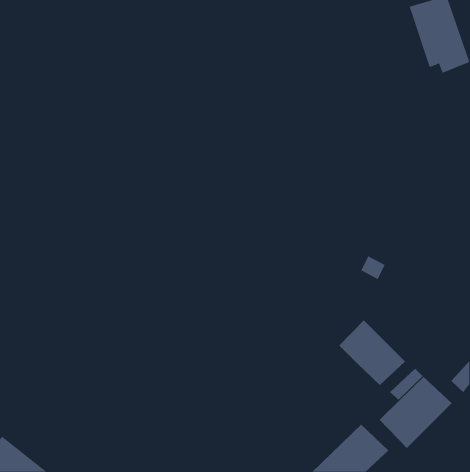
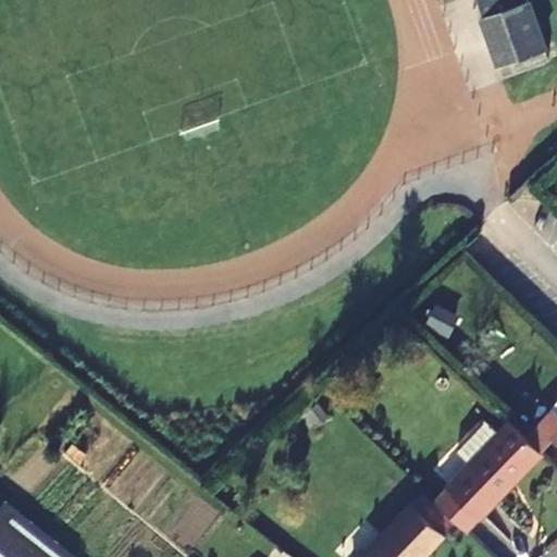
building: [339,320,406,386] -> none

